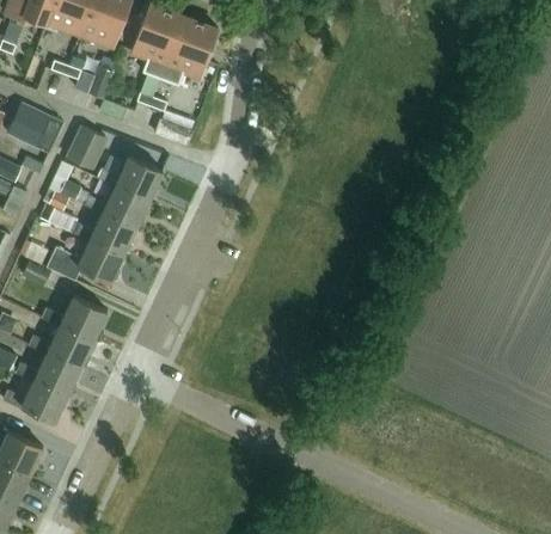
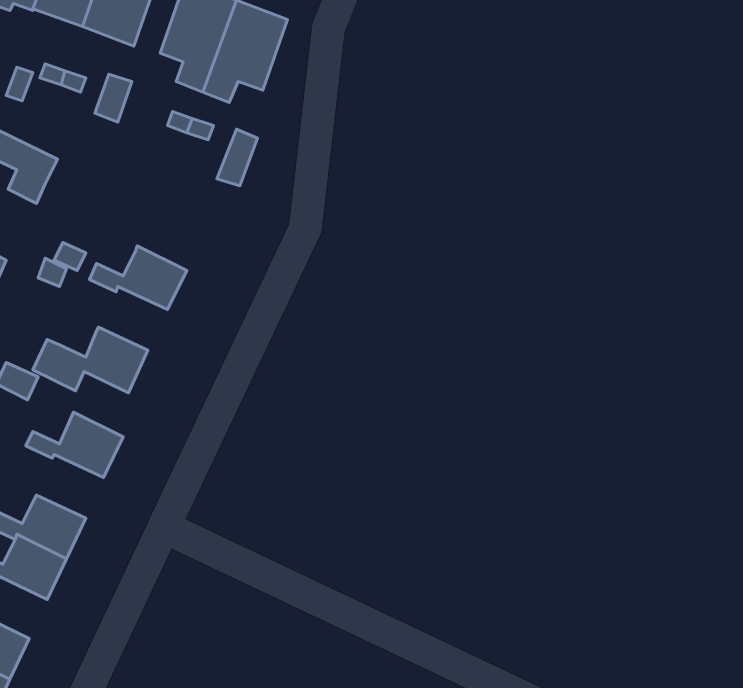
building: [66,125,108,168] -> none
building: [97,155,163,200] -> none
building: [71,210,136,253] -> none
building: [29,324,93,367] -> none

